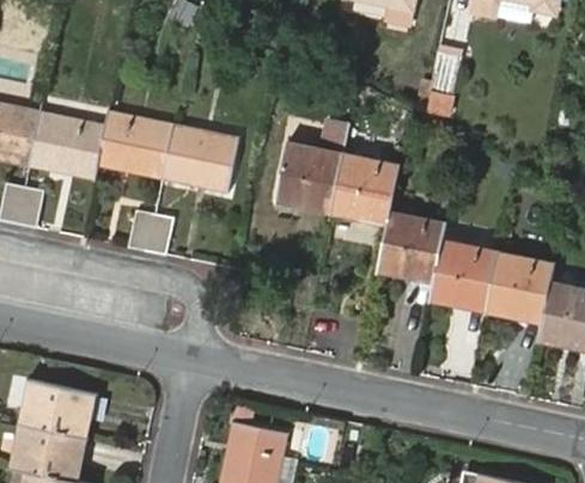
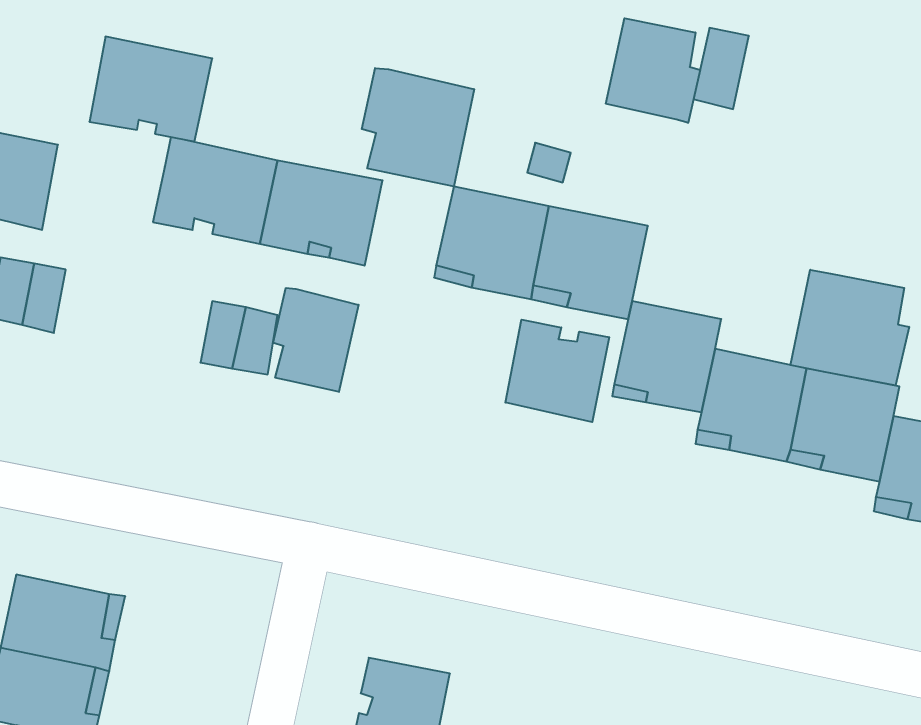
building: none -> [606,18,700,123]
building: none -> [362,68,474,186]
building: [35,117,109,181] -> [89,37,212,142]
building: none -> [790,270,909,385]
building: none -> [273,288,359,392]
building: none -> [505,320,609,422]

